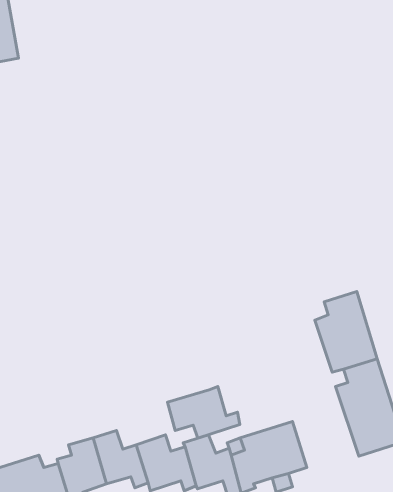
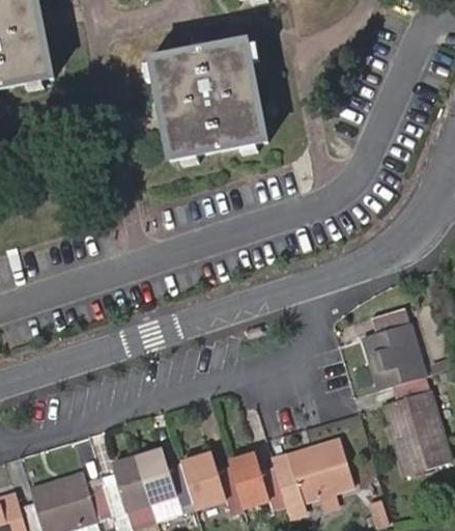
building: none -> [161,37,276,153]
building: [168,387,240,438] -> none

